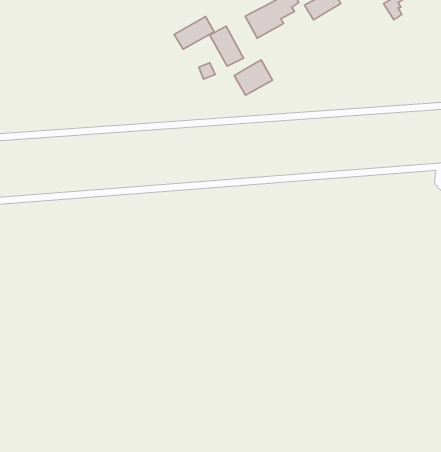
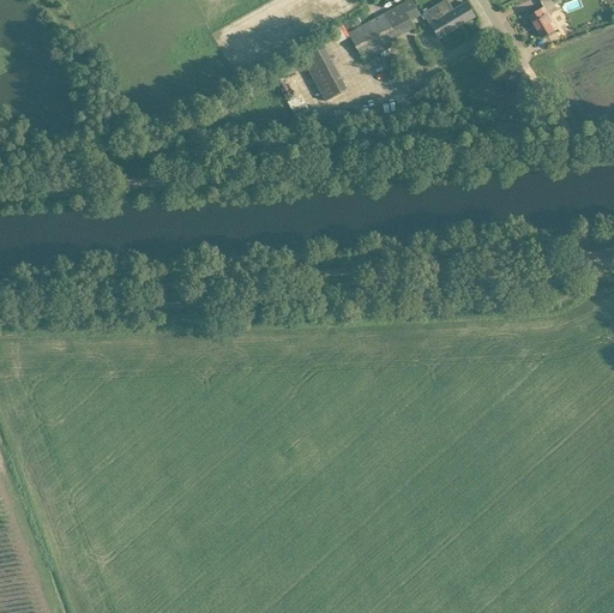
building: [174,17,214,49] -> none
building: [234,60,273,95] -> none

